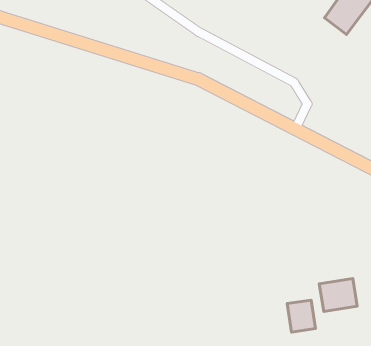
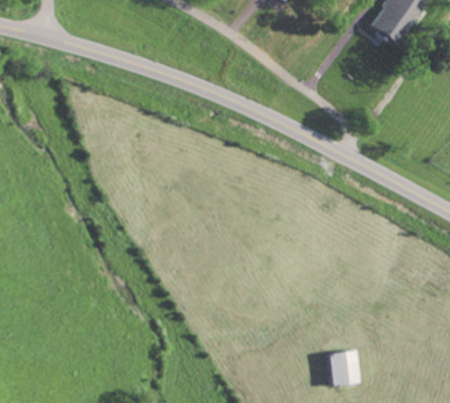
building: [319,279,357,311] -> none

